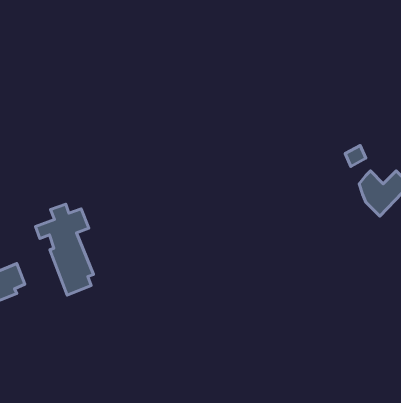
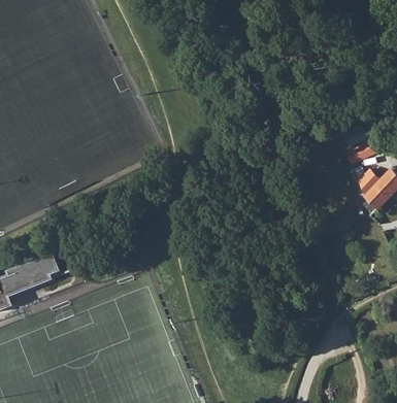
building: [35,204,94,295] -> none

